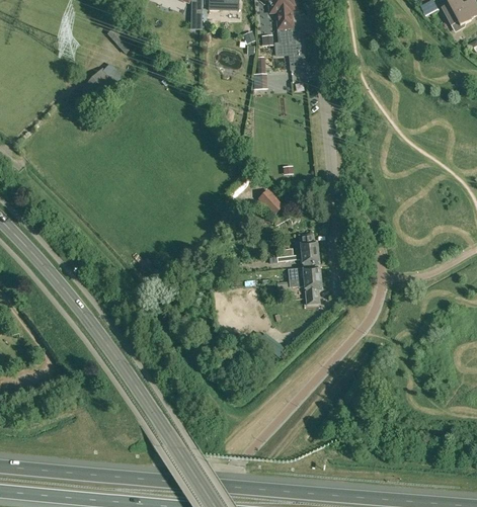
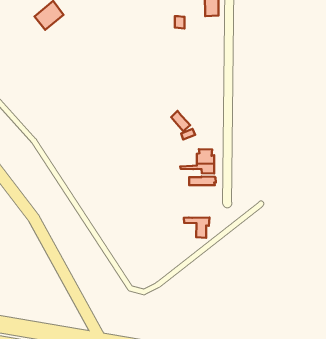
building: [289,276,320,302] -> [184,218,209,238]

